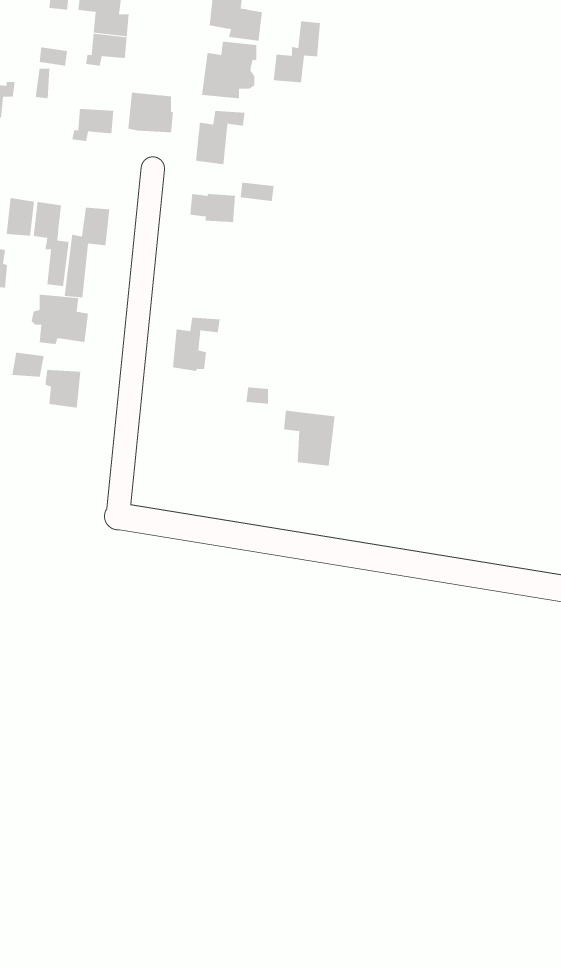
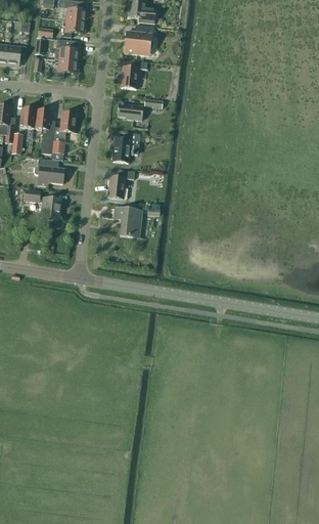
building: [273,21,320,83] -> none
building: [127,92,174,133] -> [53,39,78,60]
building: none -> [111,132,139,163]
building: [283,410,335,466] -> [112,208,140,237]

